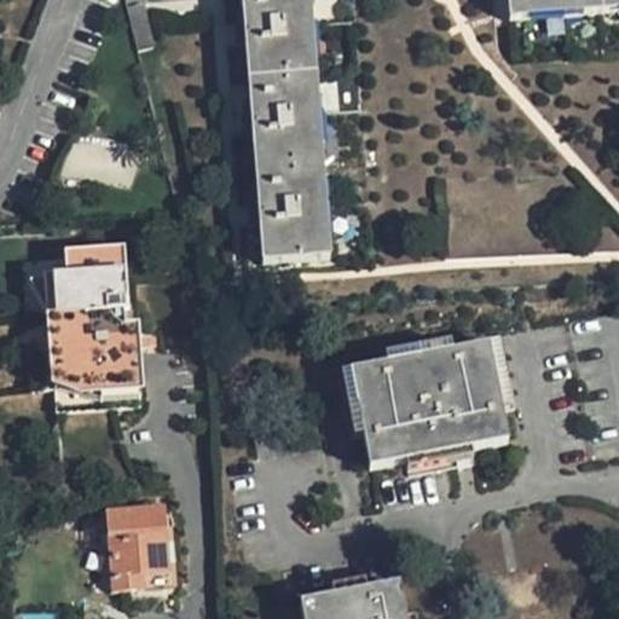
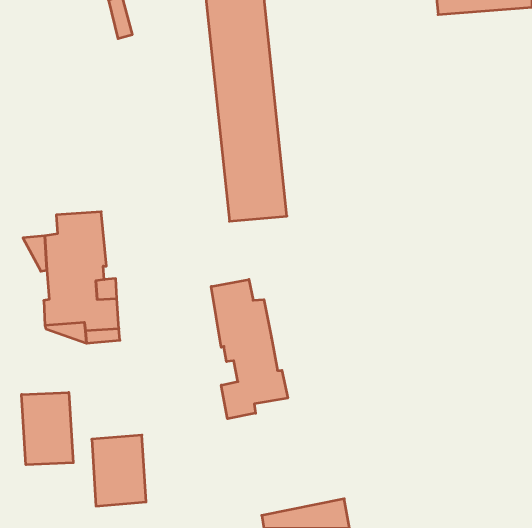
building: none -> [211,279,288,419]
building: [355,336,508,461] -> none
building: none -> [22,392,73,465]

